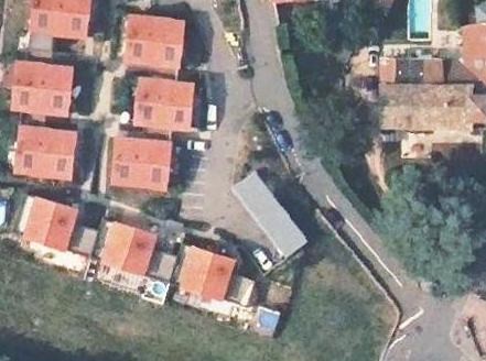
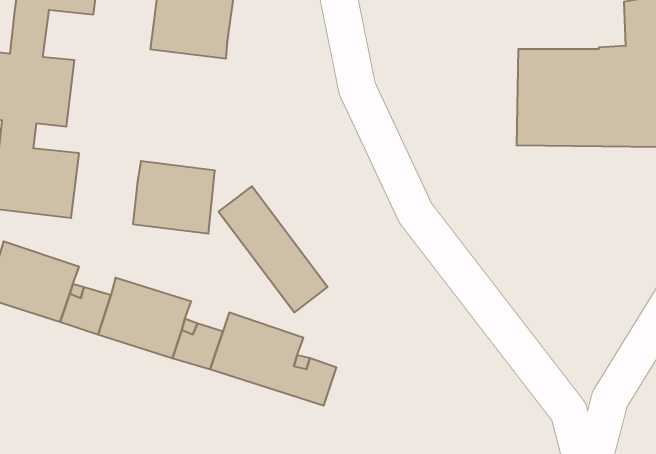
building: [137,78,194,129] -> none
building: [231,171,307,259] -> [219,186,328,312]

